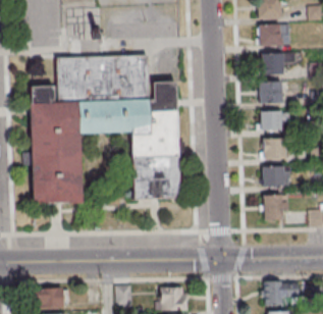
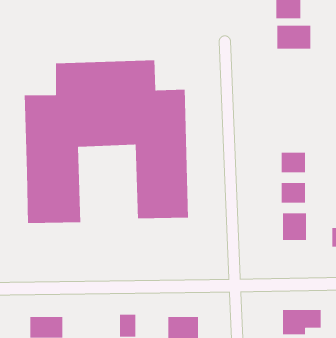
building: [261,52,285,73] -> none
building: [259,82,282,103] -> none
building: [260,112,282,130] -> none

